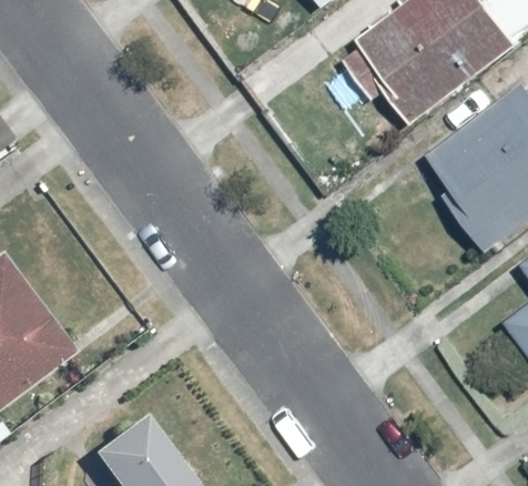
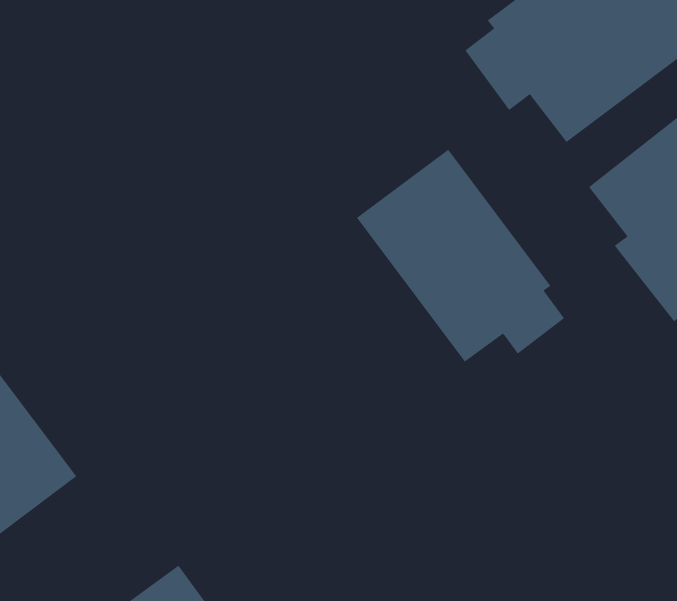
building: none -> [356,149,565,363]

